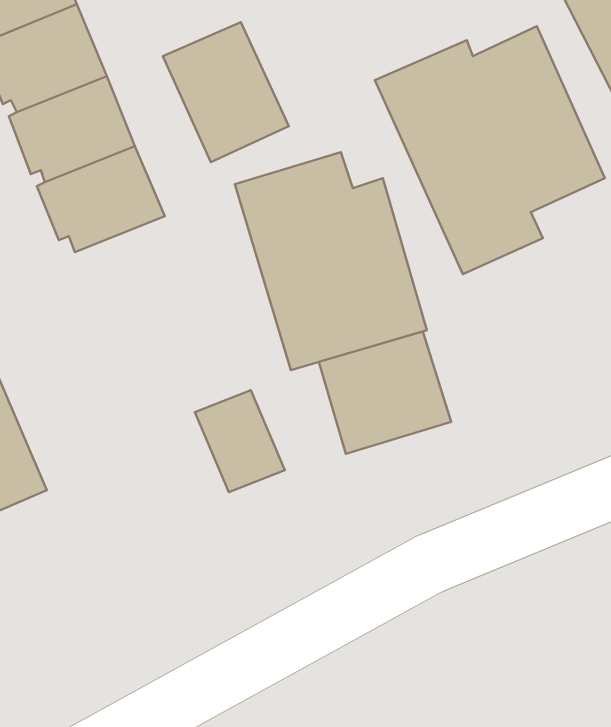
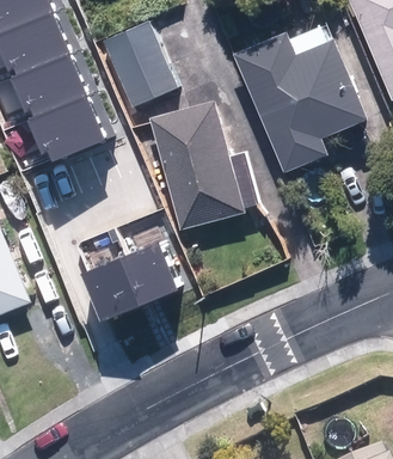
building: [319,332,451,454] -> none
building: none -> [88,256,143,318]

